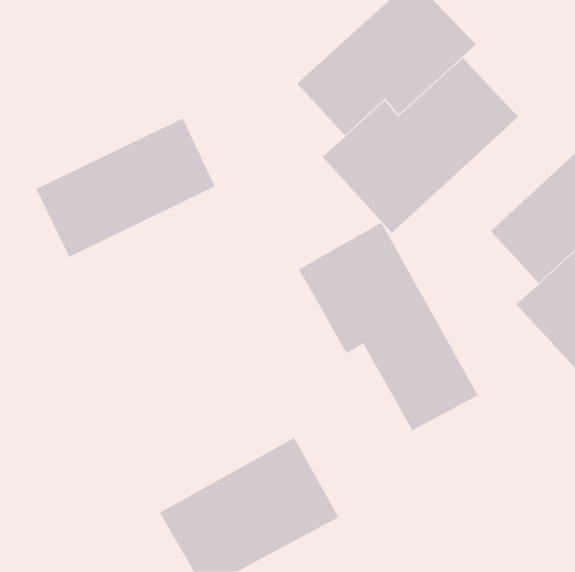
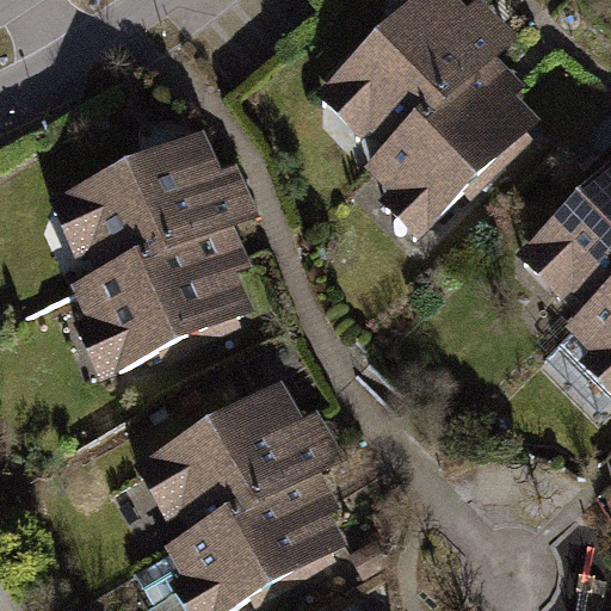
building: none -> [63,203,259,360]
building: [298,222,478,431] -> none
building: none -> [124,377,332,542]

